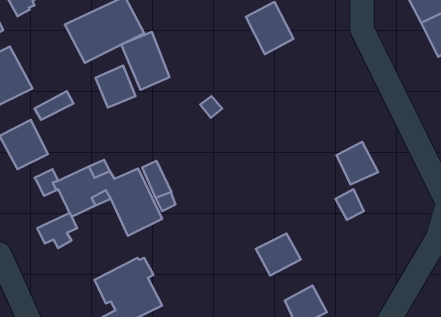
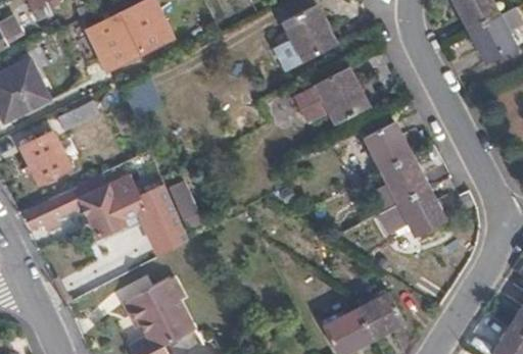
building: [121,32,170,90] -> none
building: none -> [293,68,366,124]
building: none -> [363,122,408,169]
building: none -> [395,188,440,234]
building: [37,213,77,248] -> [23,197,66,235]
building: [256,234,301,276] -> [354,293,402,338]

